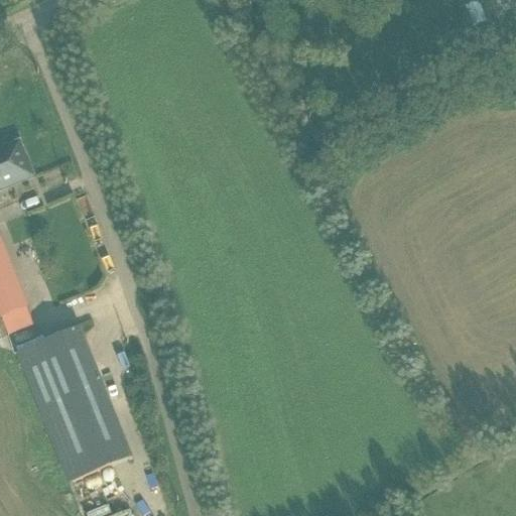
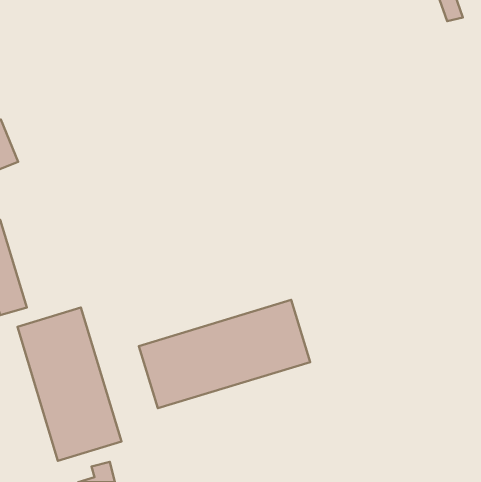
building: none -> [139,300,310,408]

